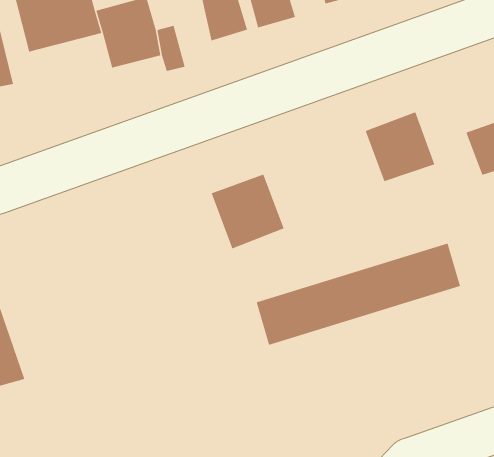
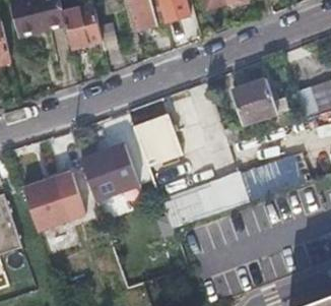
building: none -> [83,141,141,199]
building: none -> [23,169,87,229]

